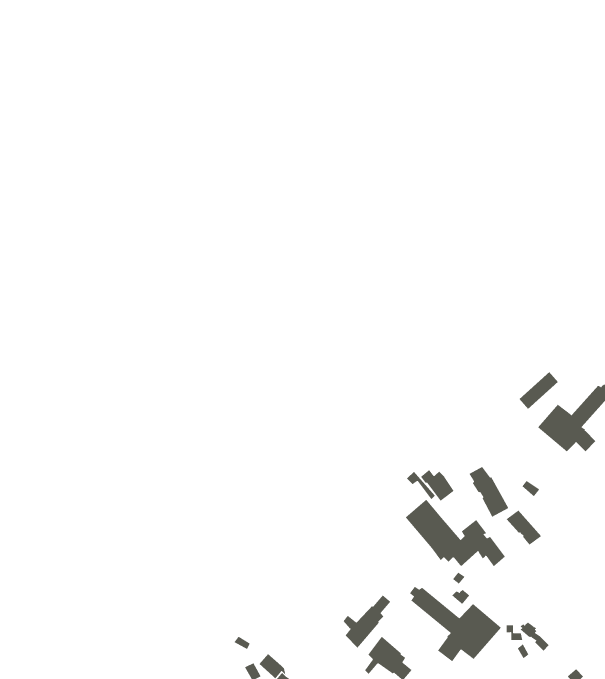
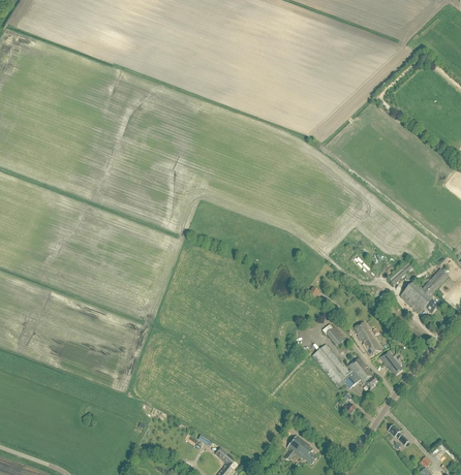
building: [409,586,502,662] -> none
building: [343,594,391,649] -> none

